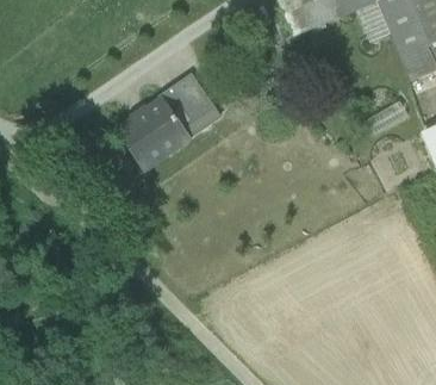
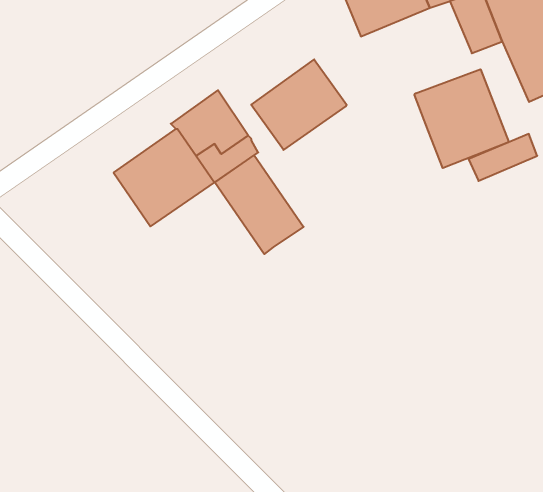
building: none -> [251,59,347,150]
building: none -> [414,69,509,168]
building: none -> [215,155,304,254]

